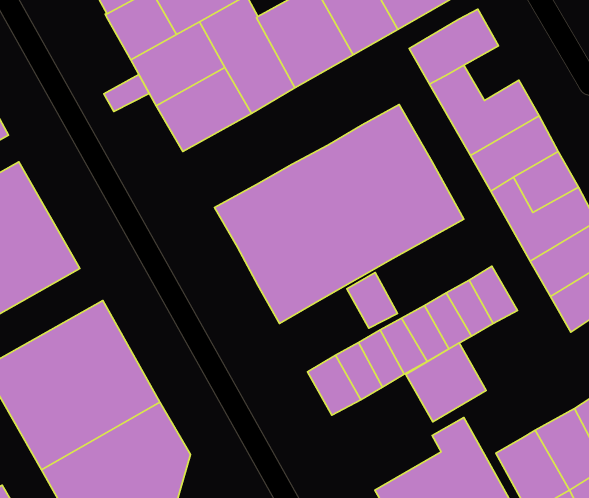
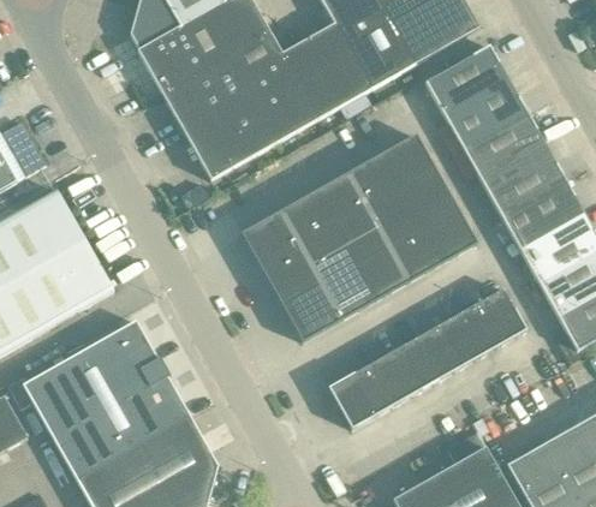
building: none -> [476,79,528,131]
building: [104,74,149,112] -> none
building: [347,272,397,328] -> none
building: [406,343,486,422] -> none

